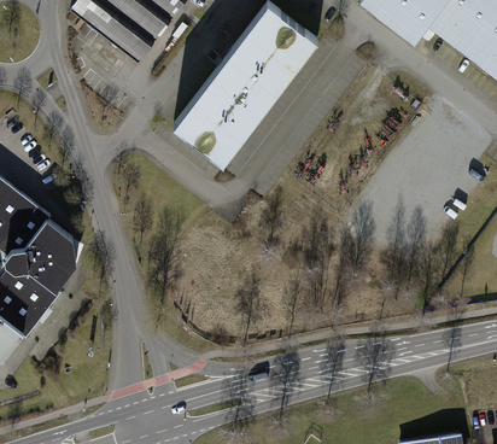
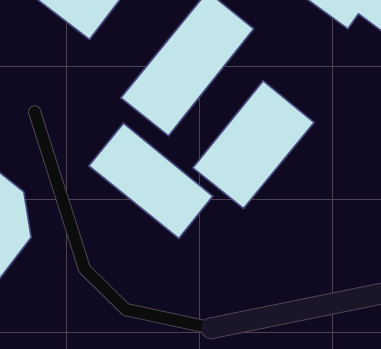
building: none -> [193,81,314,208]
building: none -> [89,123,213,239]

